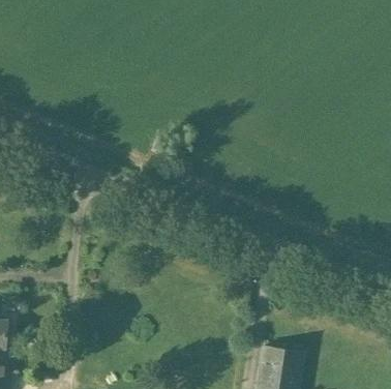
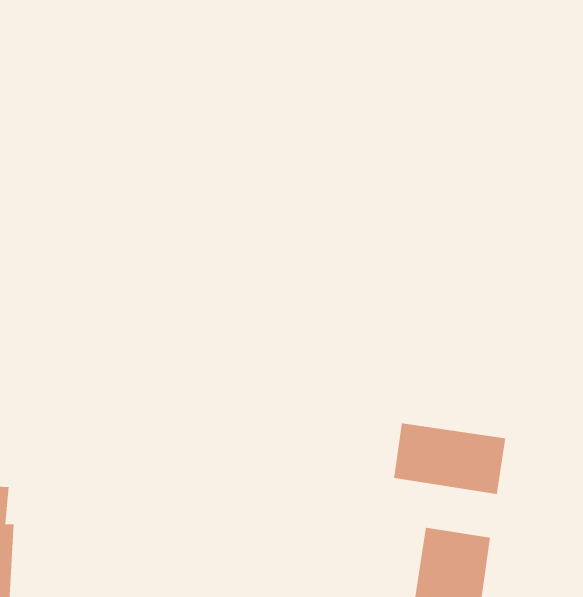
building: none -> [393,422,506,495]

